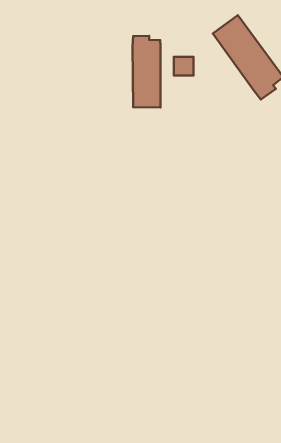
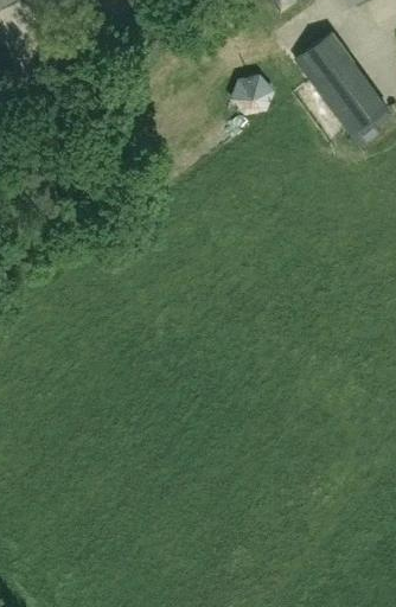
building: [133,36,160,107] -> none

